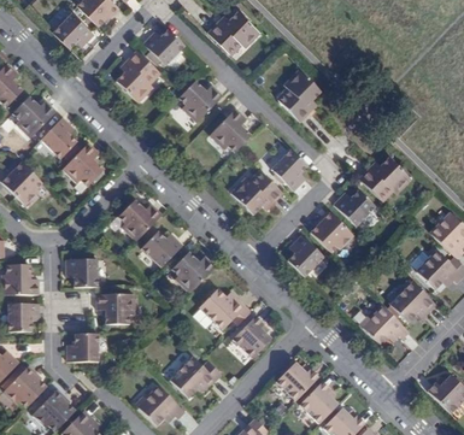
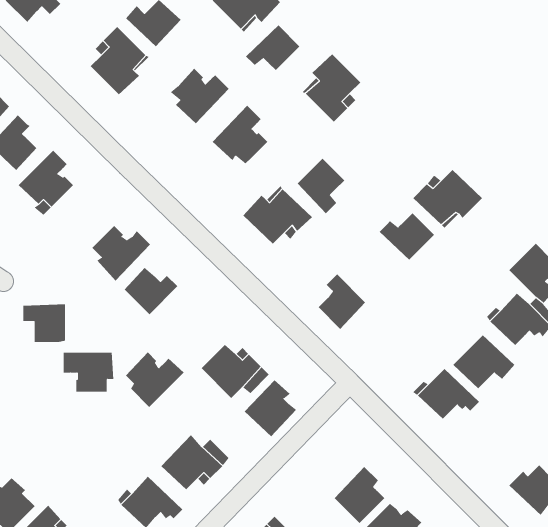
building: none -> [245,24,300,71]
building: [310,210,353,252] -> none
building: [171,251,216,293] -> [125,351,185,408]
building: [66,333,98,360] -> none
building: [275,361,318,400] -> none

